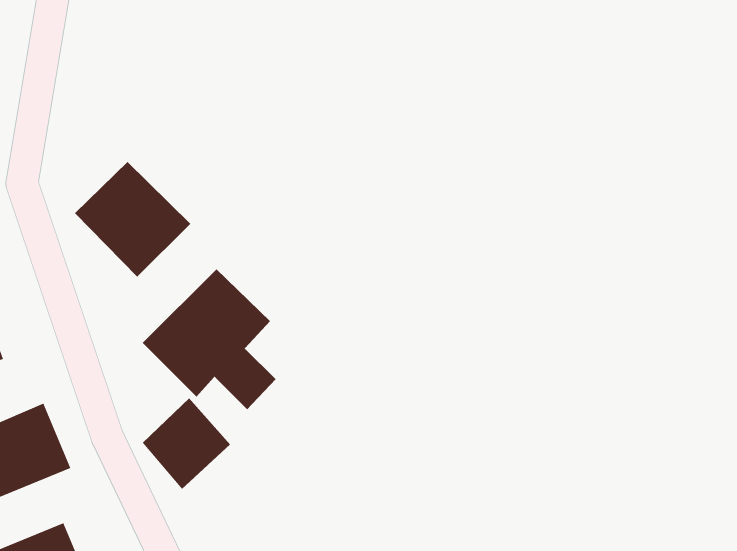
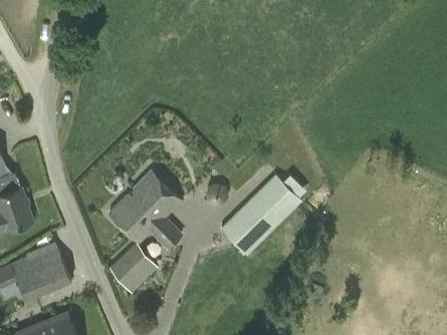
building: [74,161,191,278] -> none
building: none -> [219,174,302,256]

